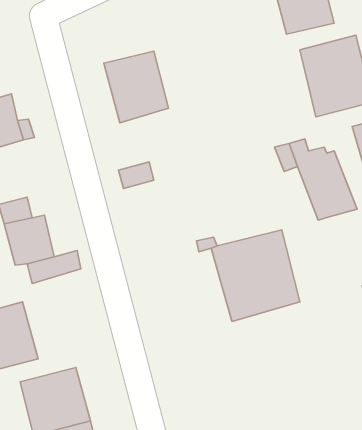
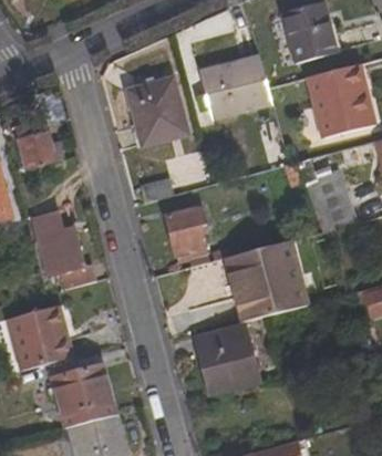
building: none -> [202,56,272,116]
building: none -> [166,207,211,267]
building: none -> [195,323,260,391]

